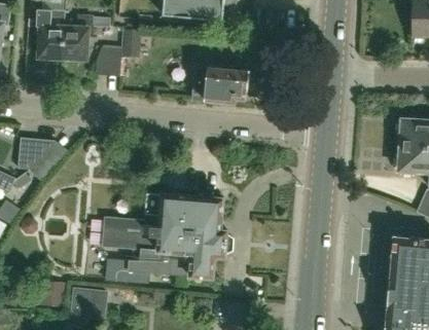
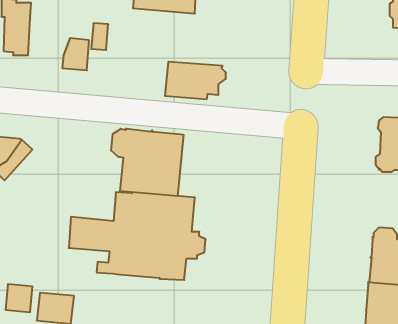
building: [61,15,87,62] -> none
building: none -> [111,128,183,196]
building: [106,258,149,284] -> none

